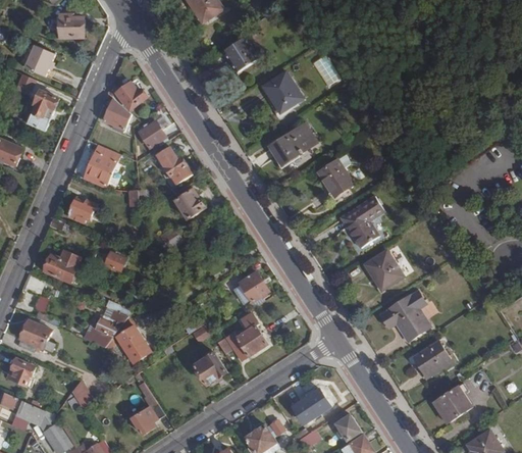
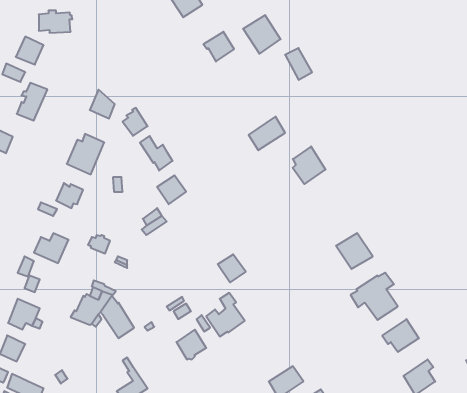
building: [262,70,302,111] -> [243,15,281,54]
building: [114,82,145,108] -> none
building: [341,195,383,247] -> none

